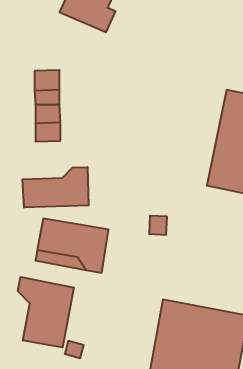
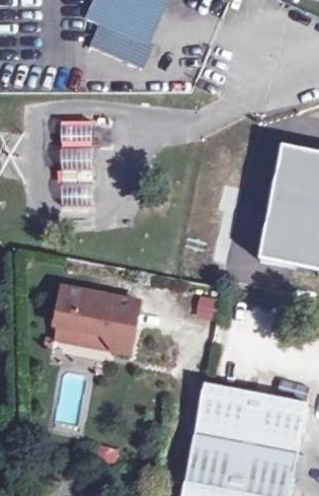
building: [22,167,89,208] -> none
building: [18,277,74,347] -> none

